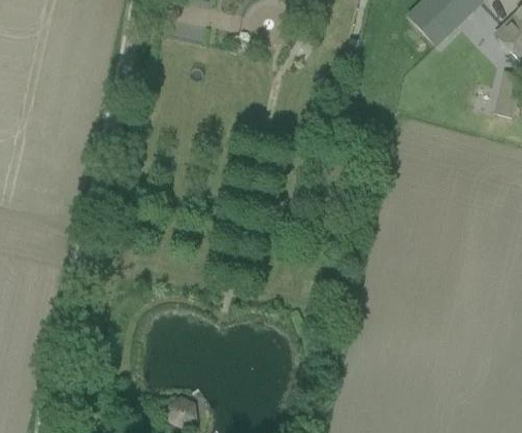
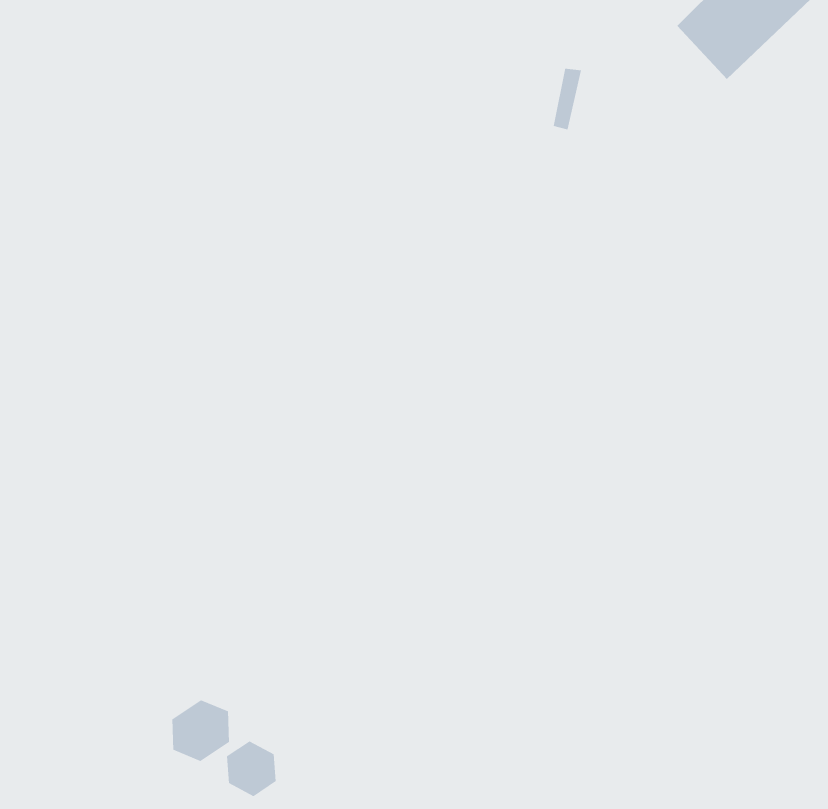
building: none -> [172,700,229,762]

